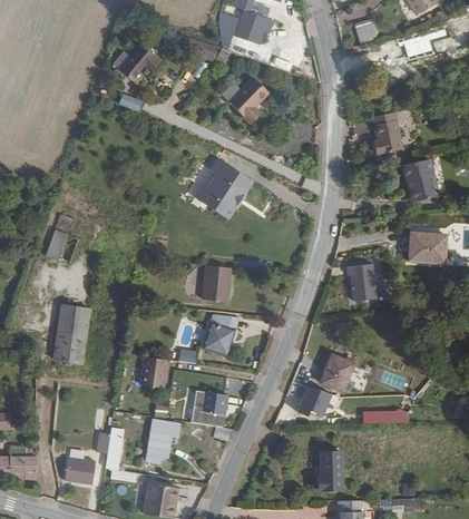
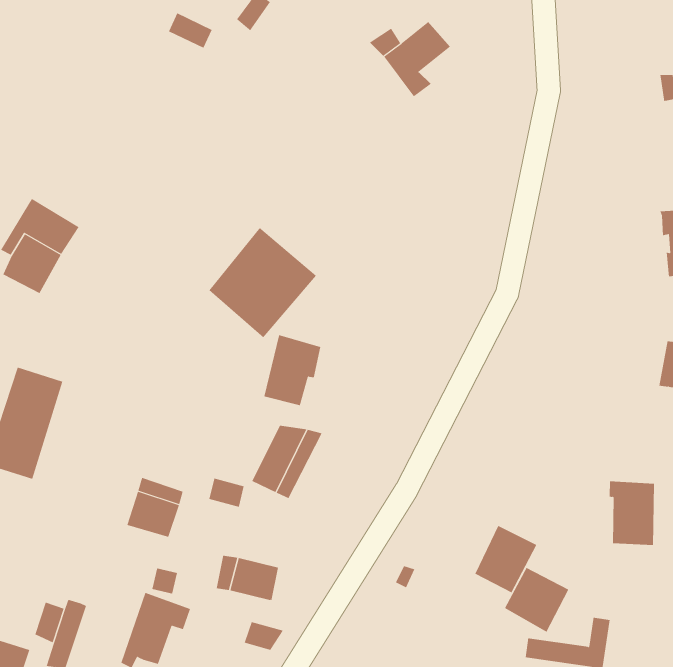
building: [375,111,406,154] -> none
building: [192,163,251,224] -> [208,227,317,338]
building: [352,264,382,301] -> [609,481,655,546]
building: [297,385,332,420] -> [504,567,569,633]

